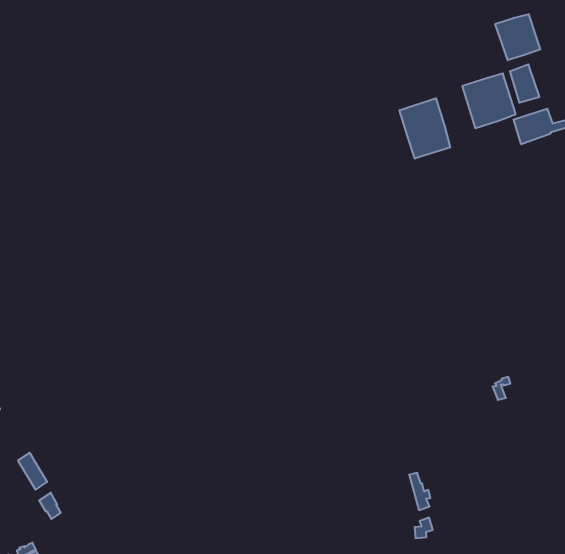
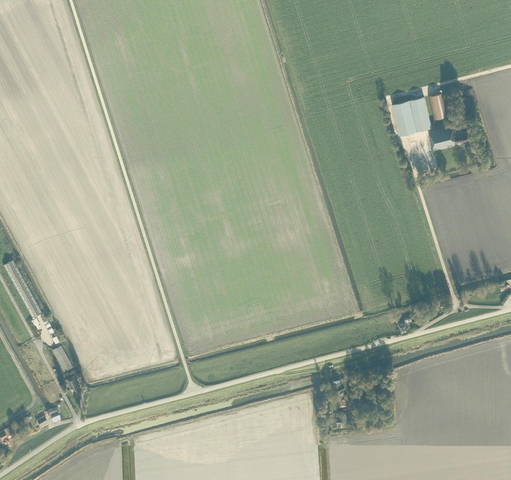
building: [495,14,540,60] -> none
building: [400,98,450,159] -> none

